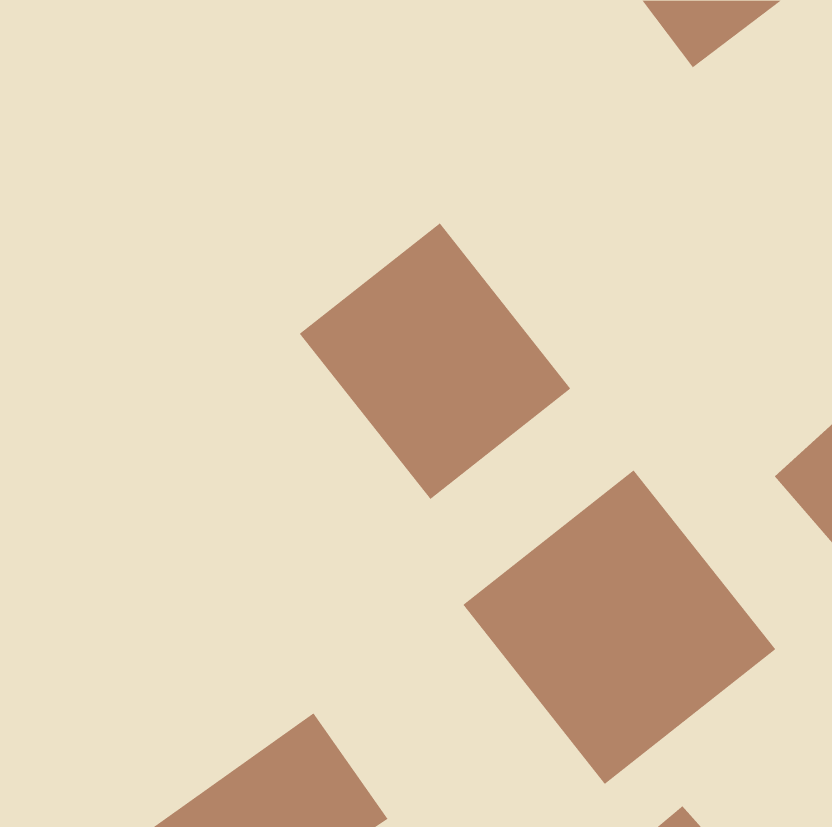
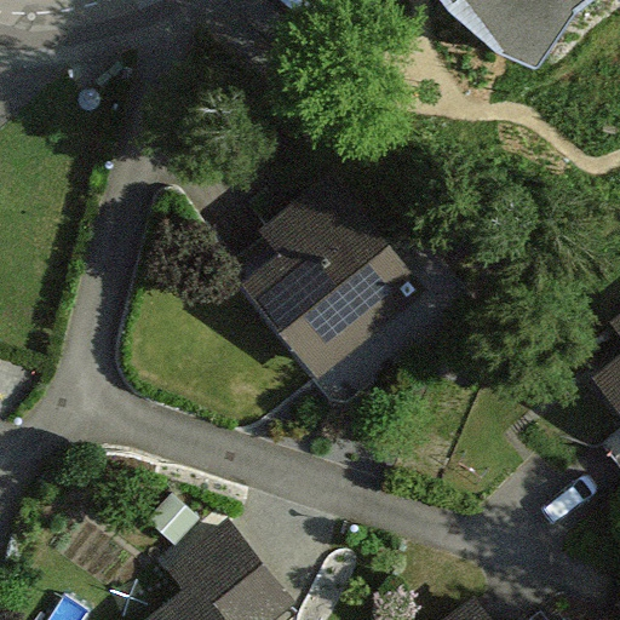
building: [462,469,776,785] -> none

